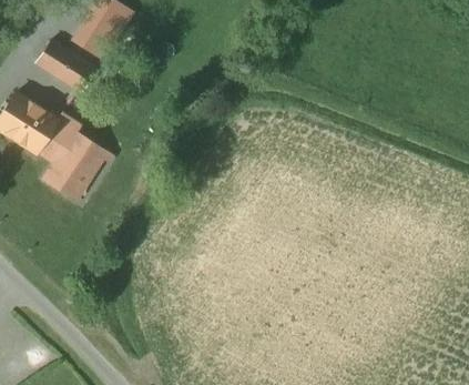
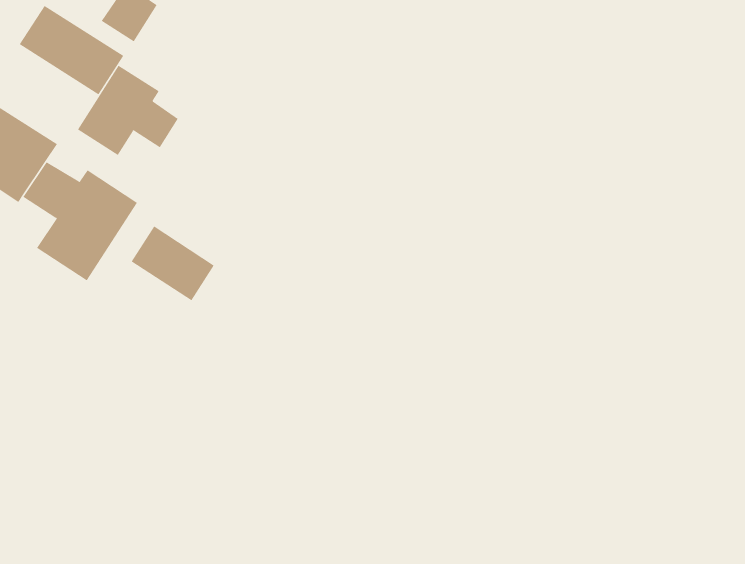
building: none -> [77,65,178,156]
building: none -> [131,226,215,301]

